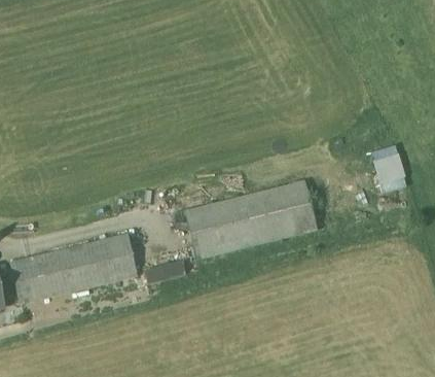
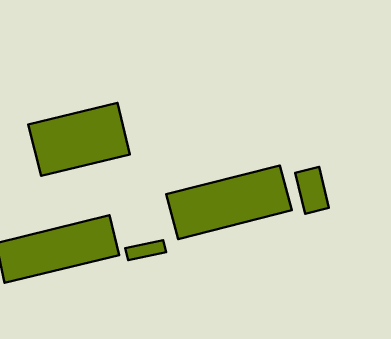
building: none -> [28,103,130,176]
building: [371,143,406,192] -> [295,167,329,214]

